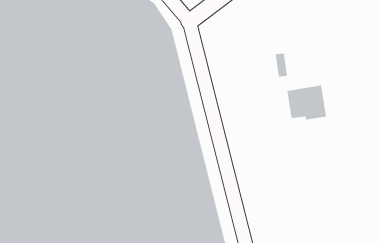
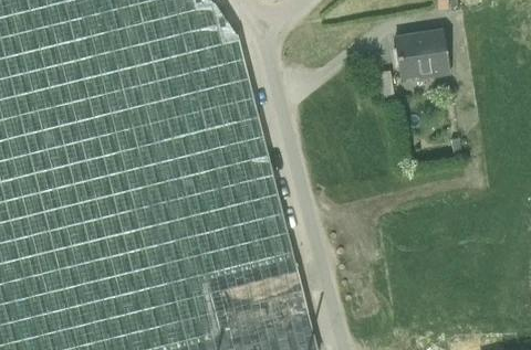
building: [287,85,327,120] -> [394,32,448,79]

